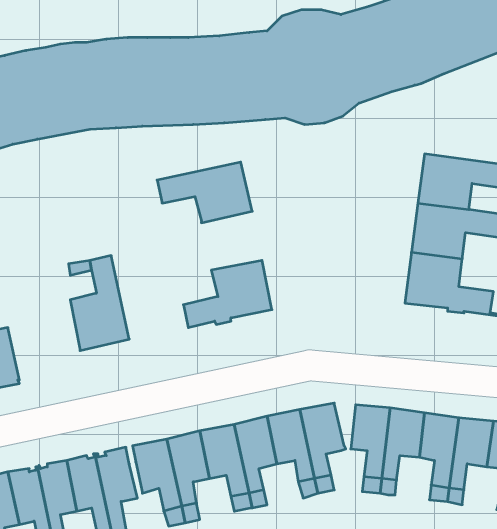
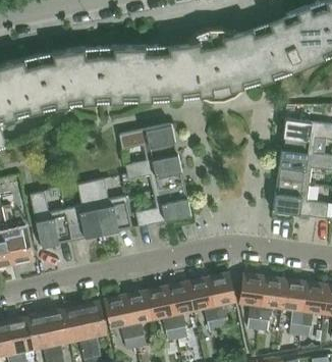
building: none -> [125,155,184,192]
building: none -> [91,179,132,235]
building: none -> [30,192,71,248]

